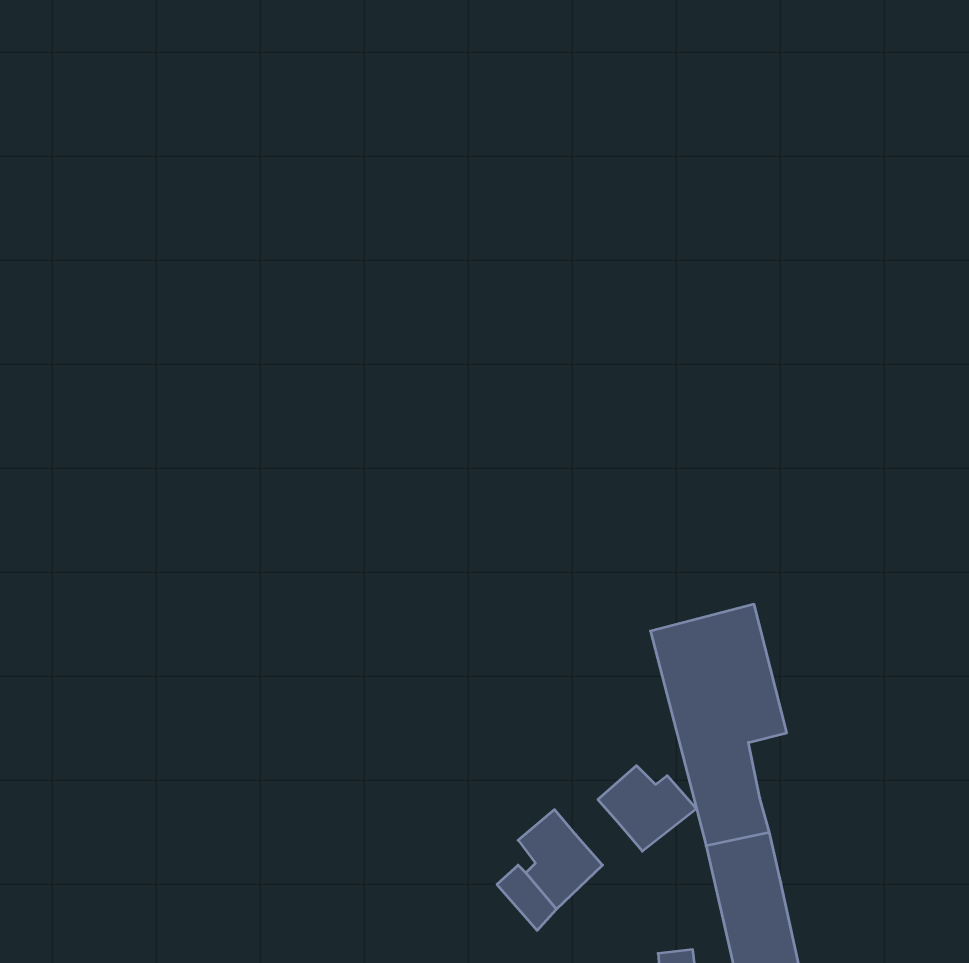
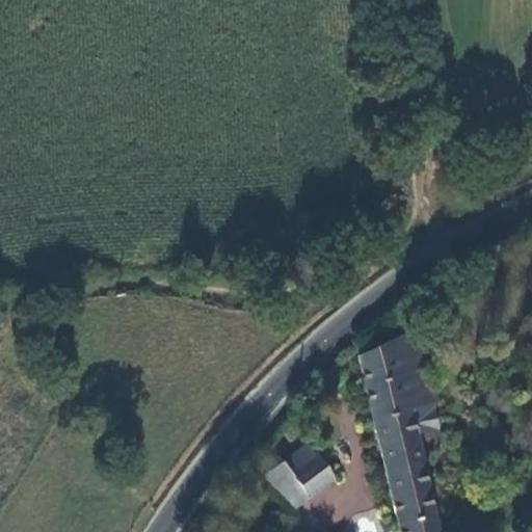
building: [598,766,697,851] -> none

